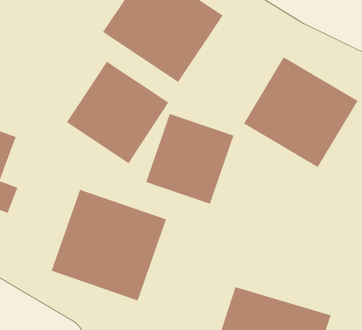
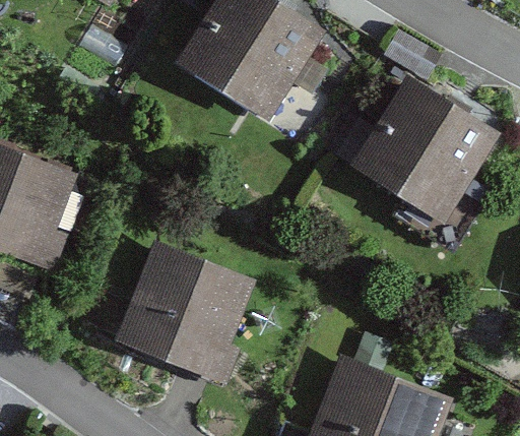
building: [66,61,169,164] -> none
building: [146,113,234,204] -> none

